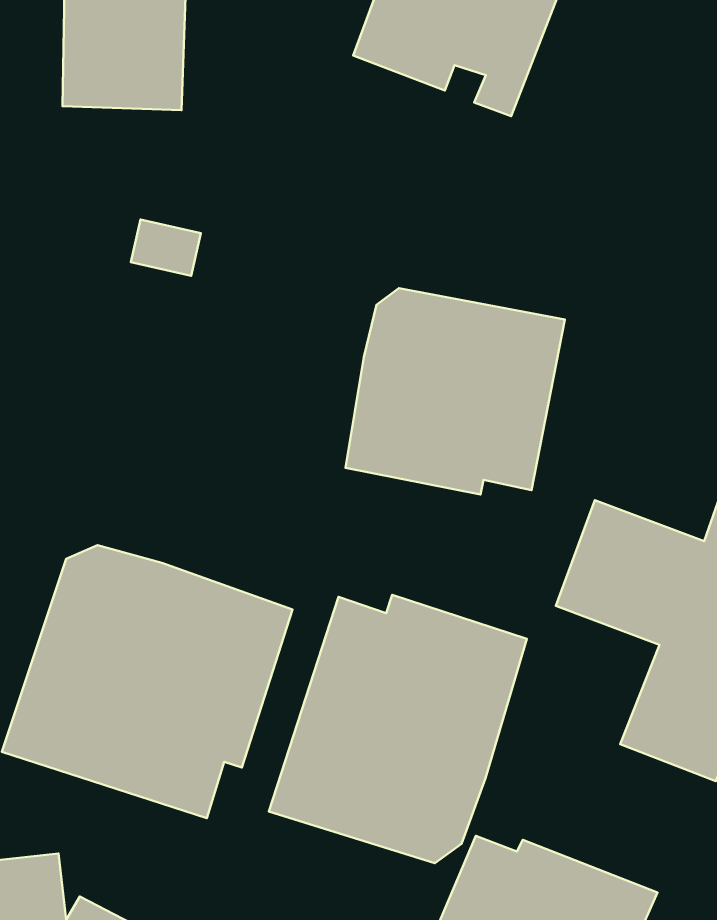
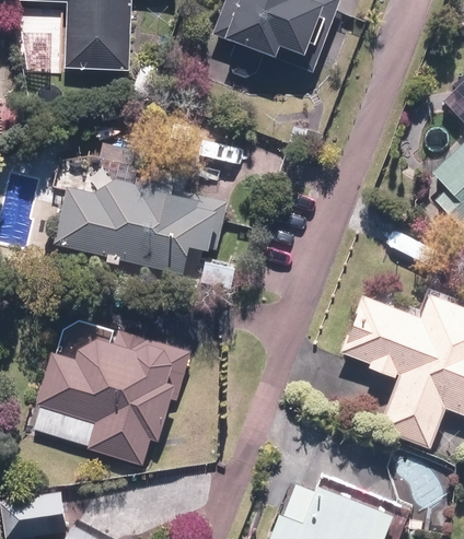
building: none -> [53,165,227,272]
building: [346,288,565,495] -> none
building: [269,595,527,863] -> none

